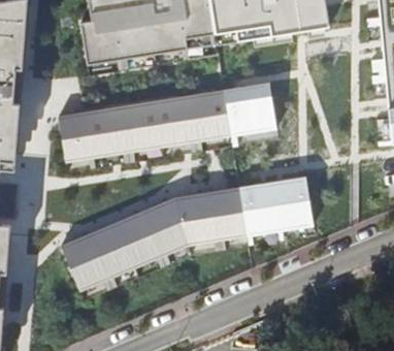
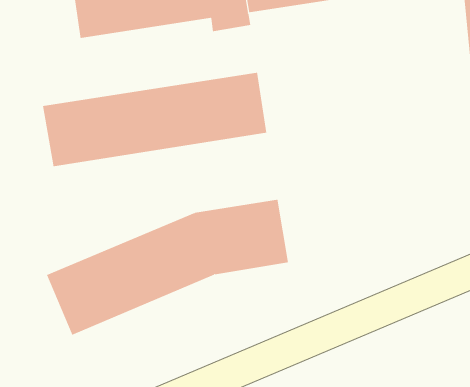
building: [223,83,275,136] -> none
building: [238,176,313,235] -> none

